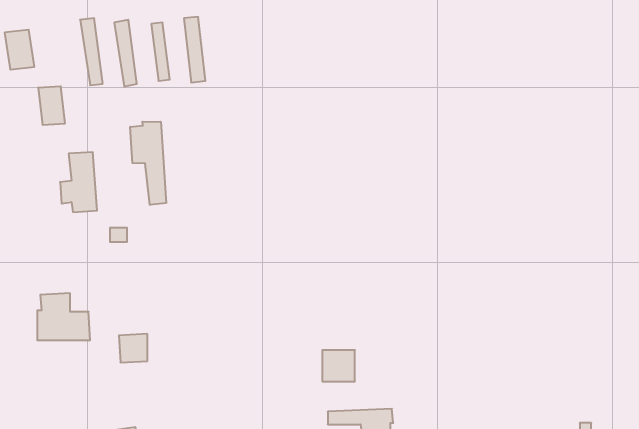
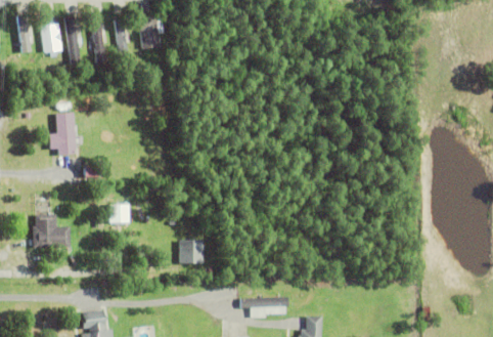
building: [38,86,65,125] -> [41,25,60,52]
building: [130,122,166,205] -> none
building: [119,334,147,362] -> [108,204,129,224]
building: [322,350,355,381] -> [179,241,203,263]

